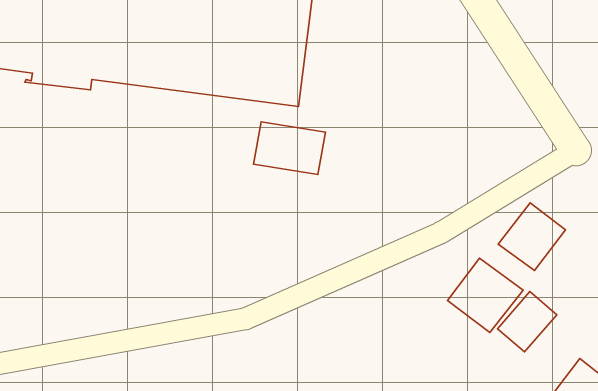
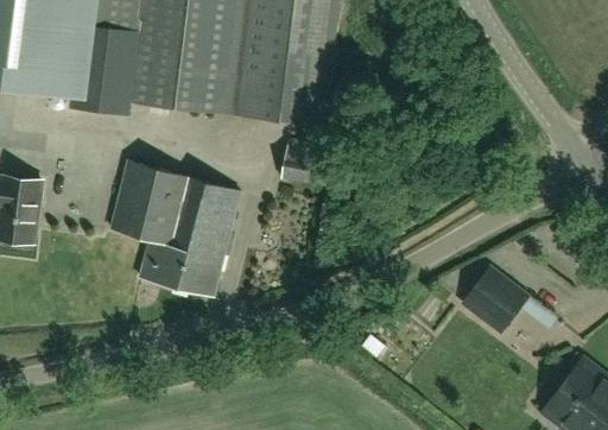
building: none -> [110,162,242,296]
building: [498,203,565,270] -> none

